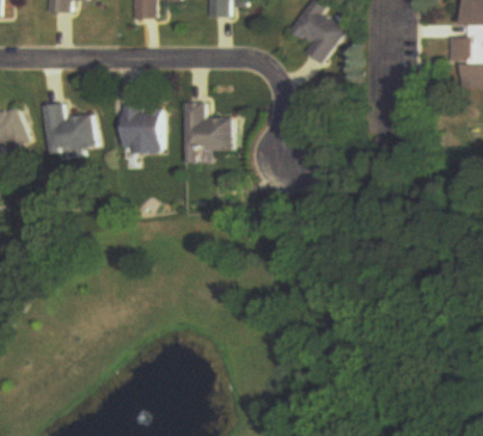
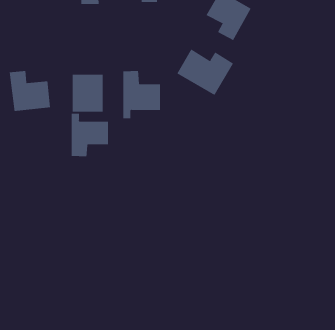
building: none -> [177,49,234,96]
building: none -> [71,113,108,157]

